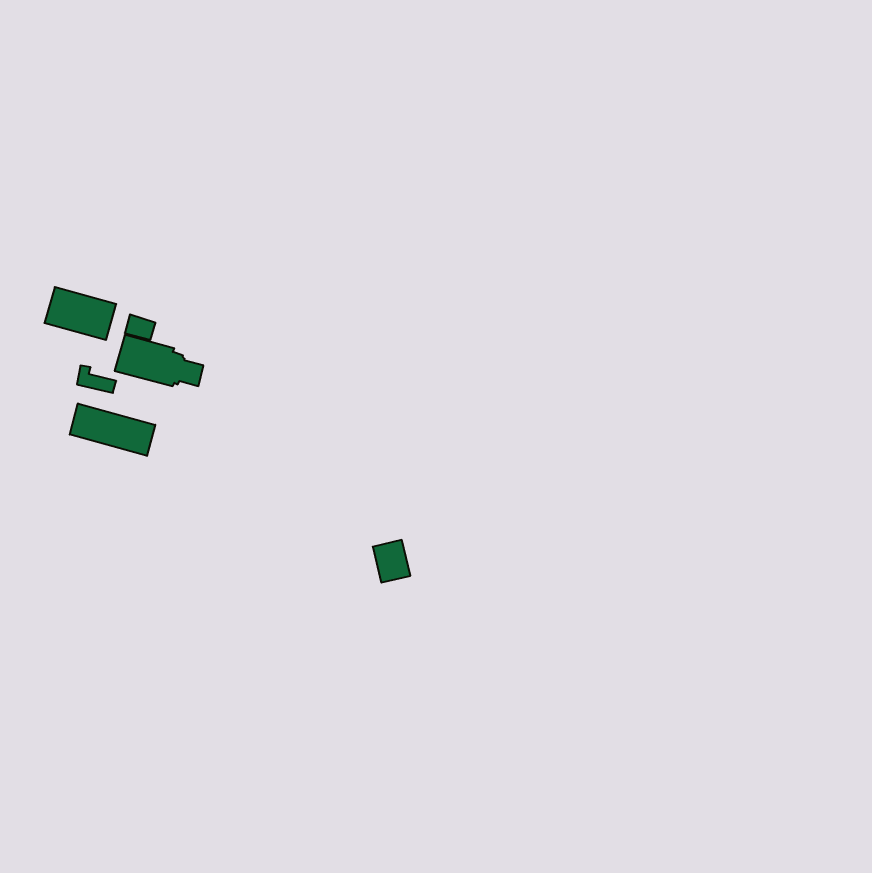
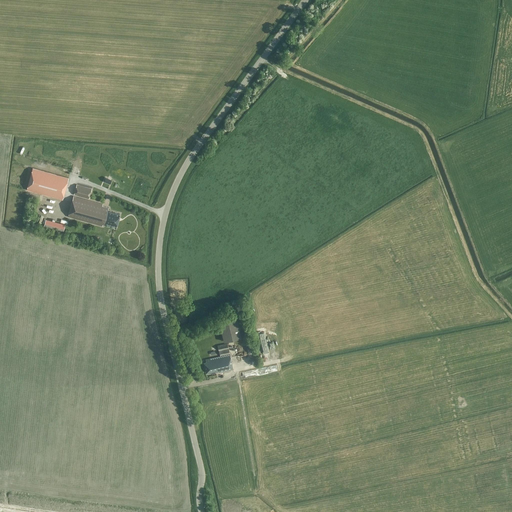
building: [70,403,155,456] -> none
building: none -> [202,343,232,373]

